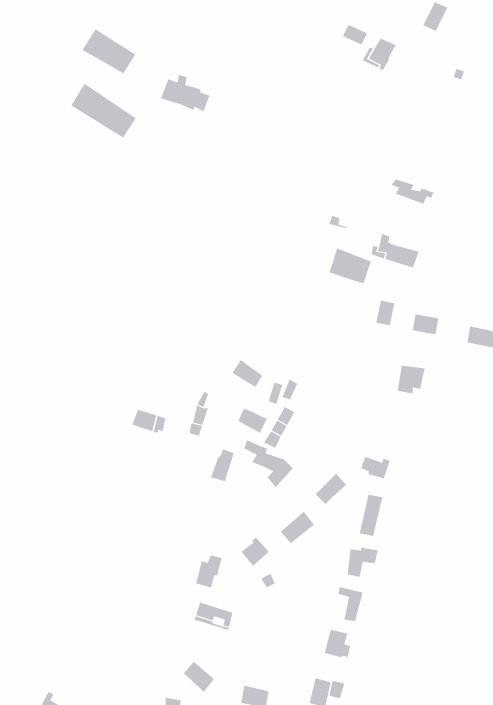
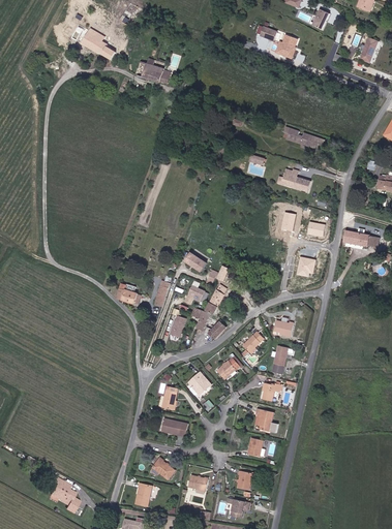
building: [71,83,136,139] -> none
building: [329,248,372,284] -> none

